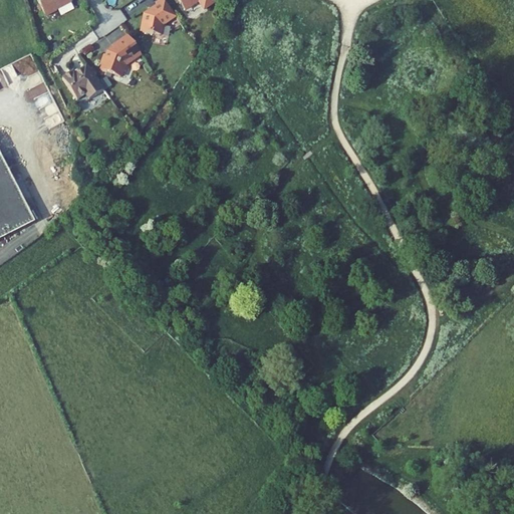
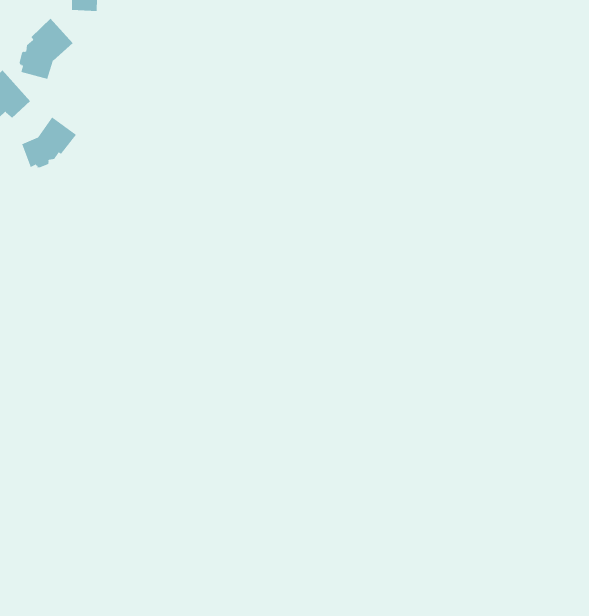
building: none -> [22,116,77,168]

